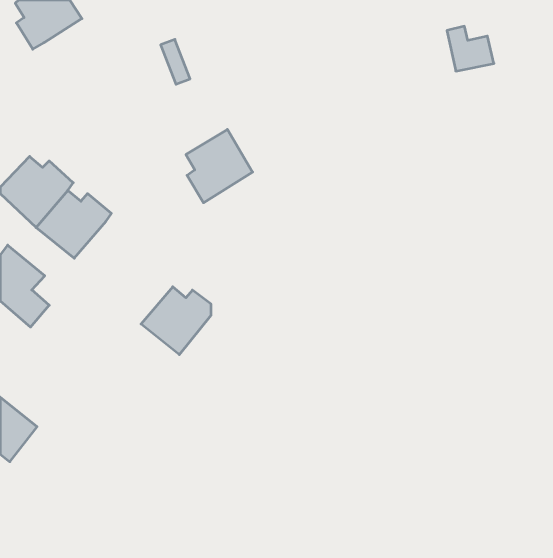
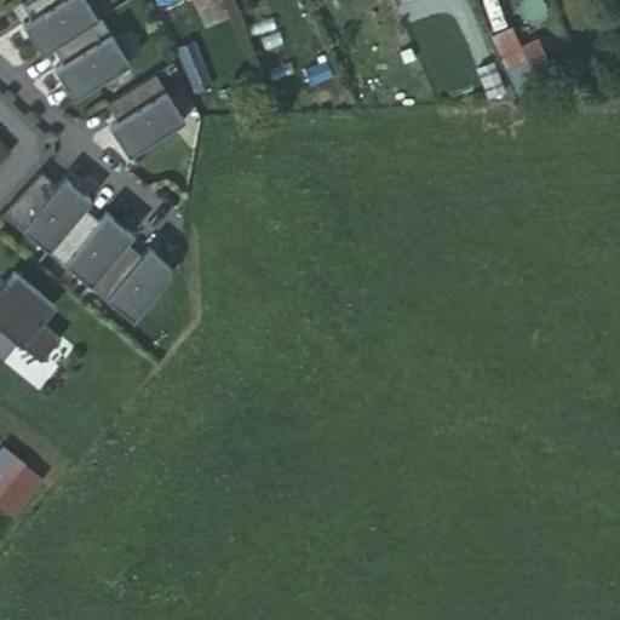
building: none -> [54,21,128,102]
building: [186,129,253,203] -> [108,78,182,159]
building: [141,287,211,355] -> [88,246,166,321]

